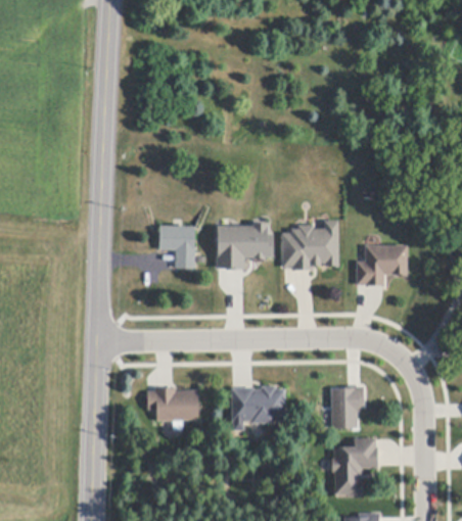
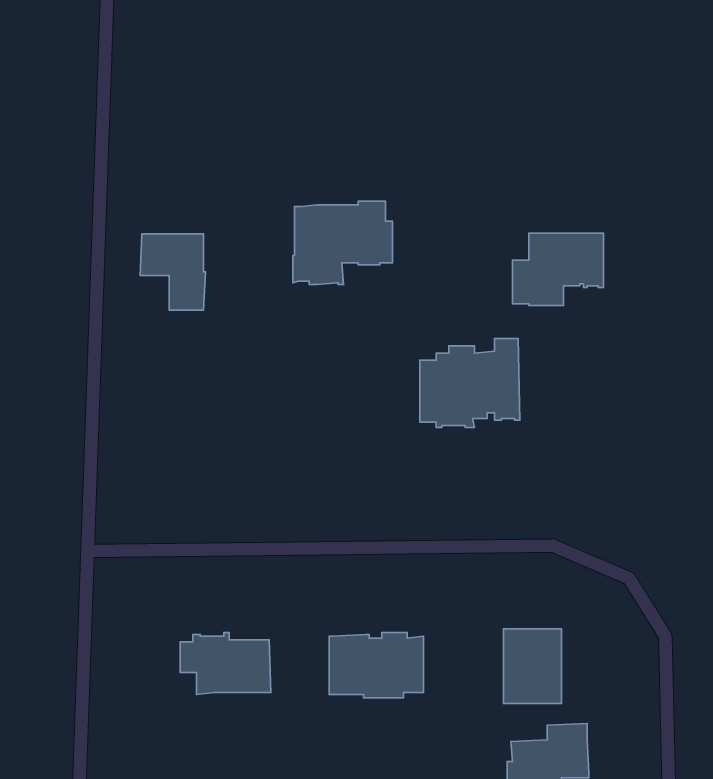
building: [217,223,273,270] -> [293,201,393,285]
building: [159,226,196,269] -> [140,234,205,310]
building: [357,245,408,286] -> [513,233,603,306]

